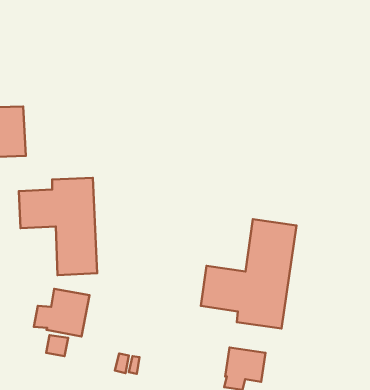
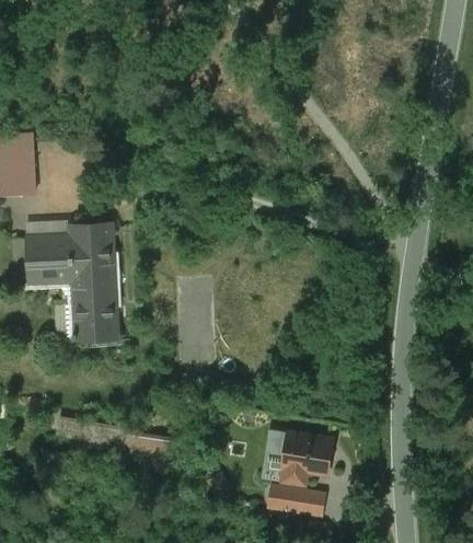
building: [201,219,297,328] -> none
building: [34,289,89,336] -> none

